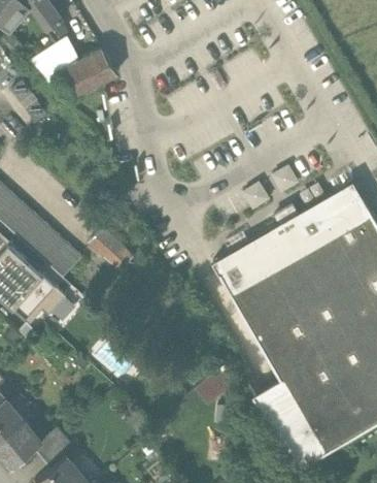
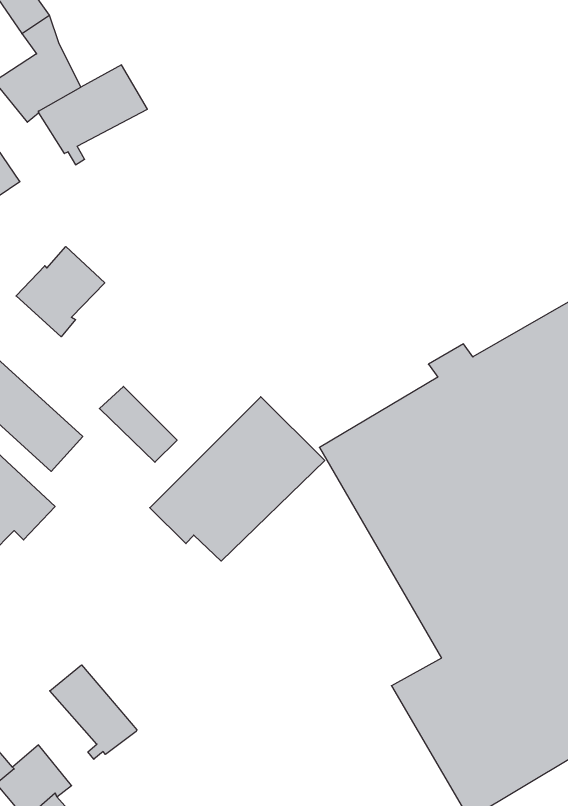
building: none -> [16,247,105,337]
building: none -> [150,397,325,561]
building: none -> [50,665,137,759]

